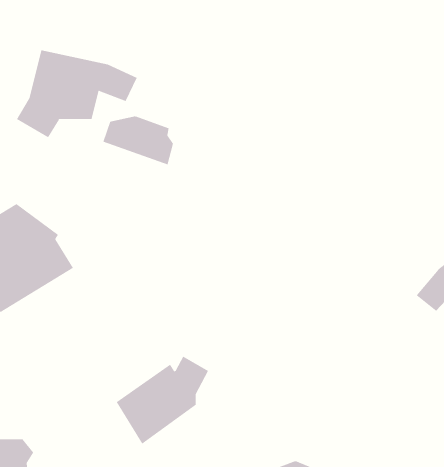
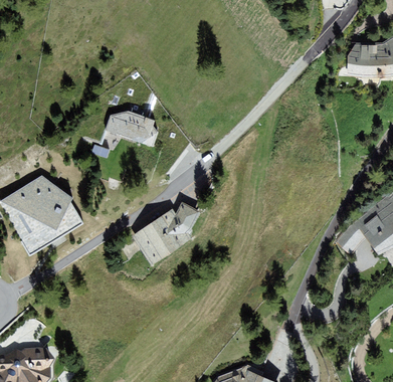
building: [16,50,137,138] -> none
building: [116,356,209,445] -> [132,201,200,266]

